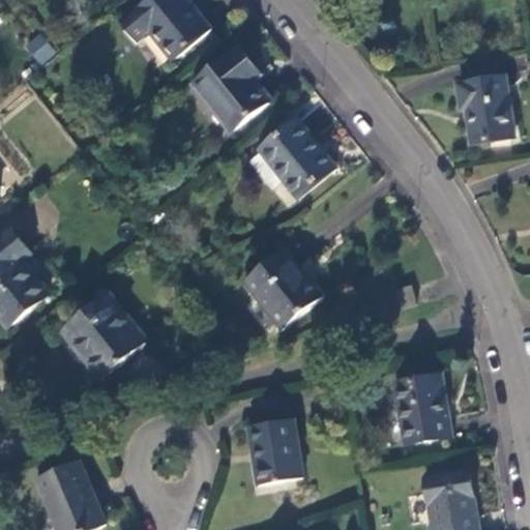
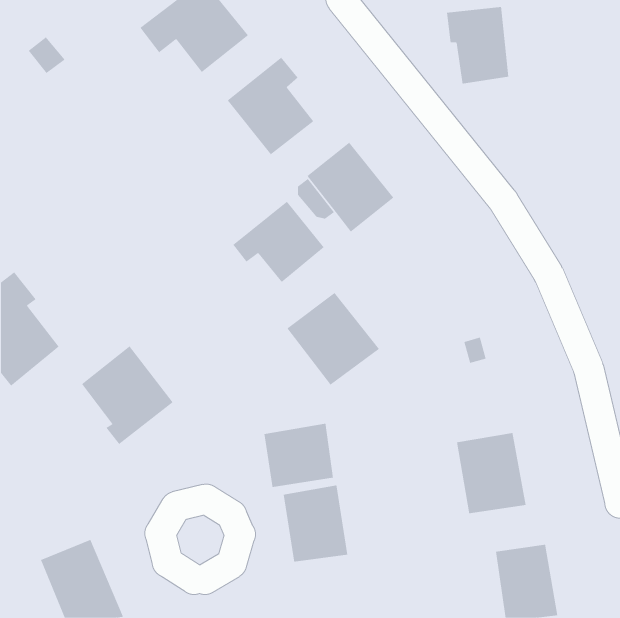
building: [458,79,511,145] -> [446,7,509,84]
building: none -> [232,201,325,283]
building: none -> [264,423,333,488]

